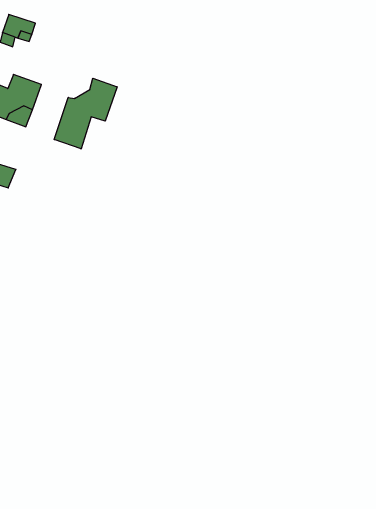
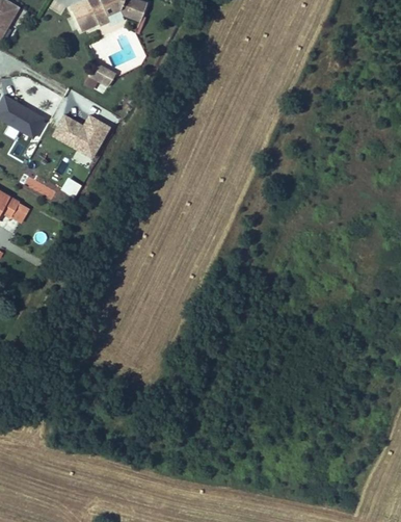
building: [54,78,117,149] -> none

